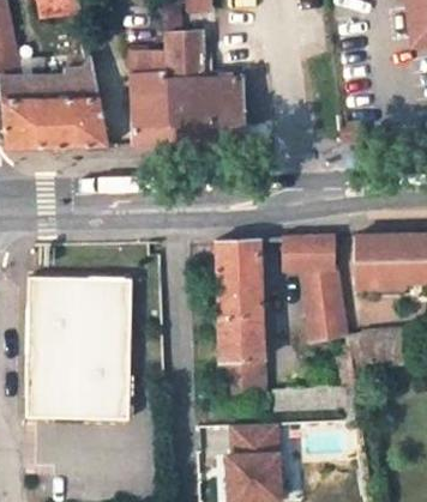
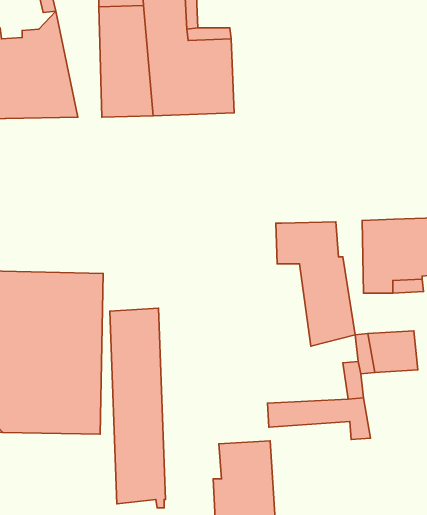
building: [216,237,264,409] -> [110,308,166,508]

